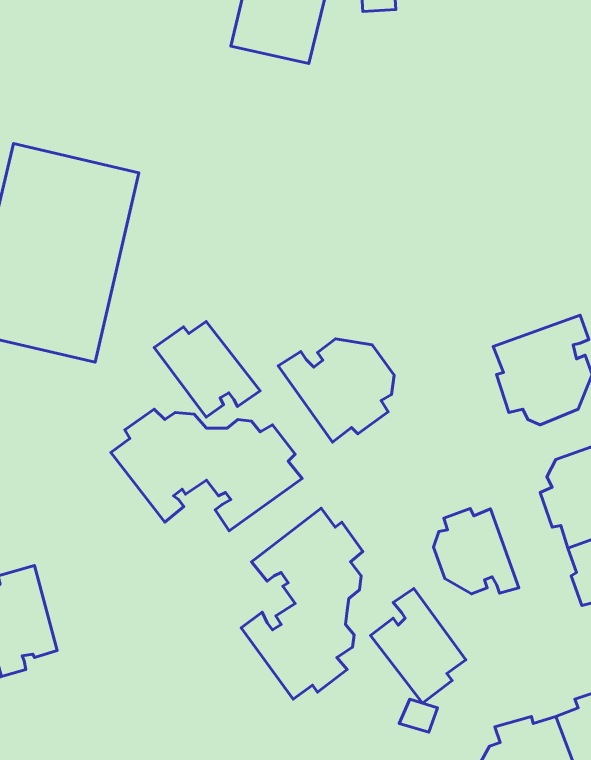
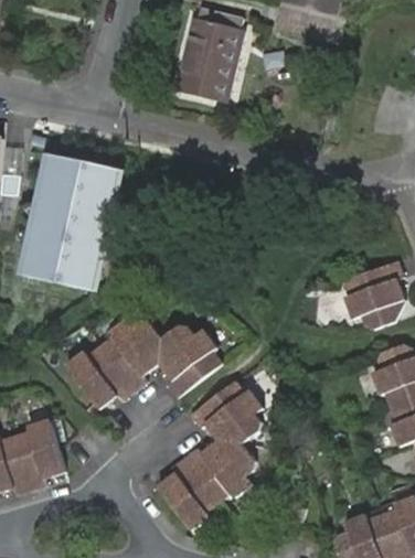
building: [154,321,260,417] -> [67,346,135,407]
building: [278,339,394,442] -> none
building: [433,509,519,594] -> none
building: [370,589,466,703] -> [156,458,216,530]

